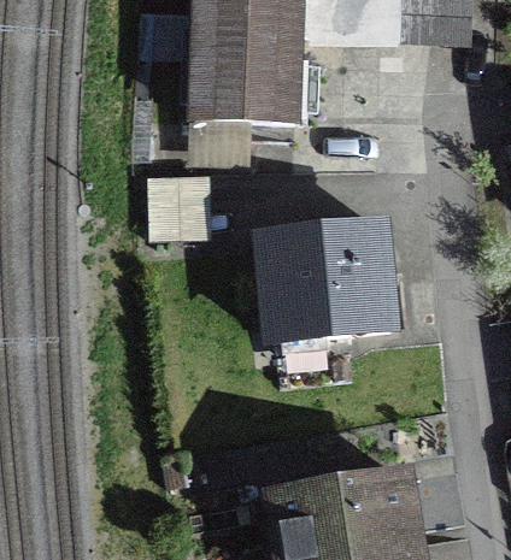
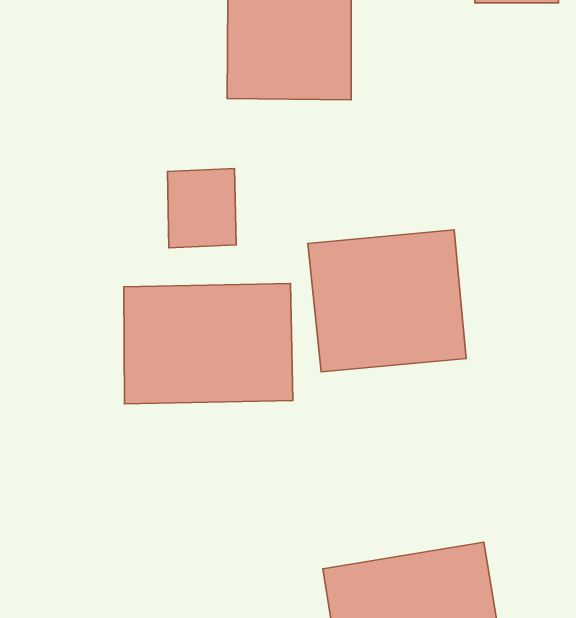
building: none -> [124,283,293,404]

